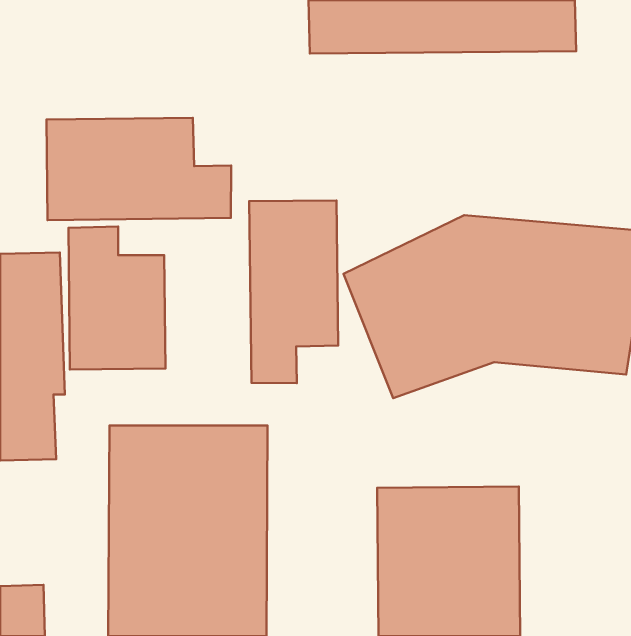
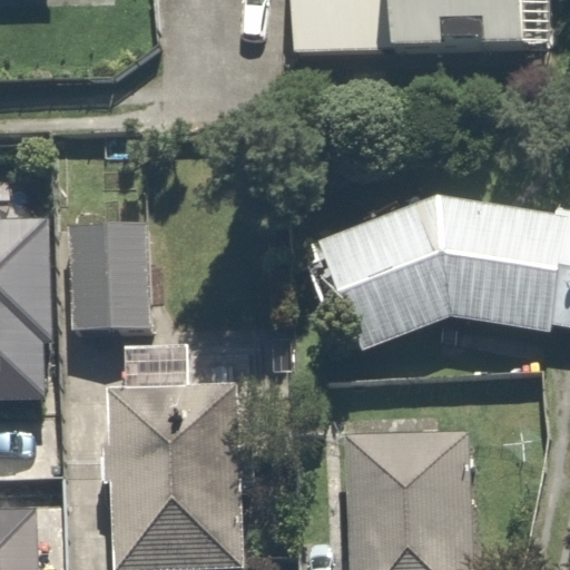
building: [47,118,231,220] -> none
building: [249,201,338,383] -> none

